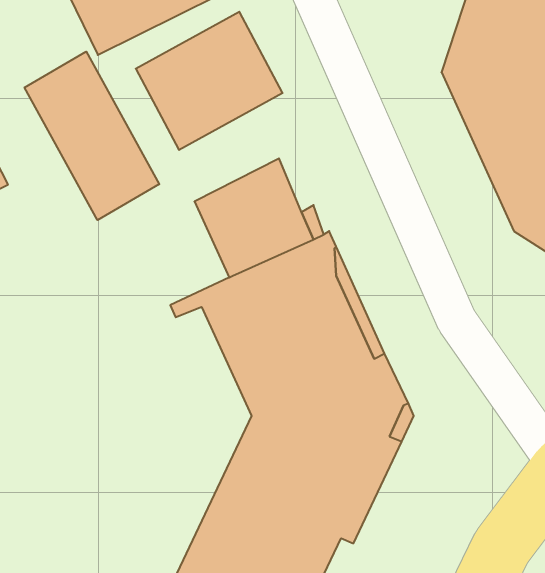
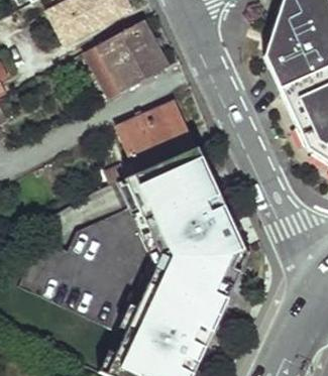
building: [25,52,159,220] -> none

